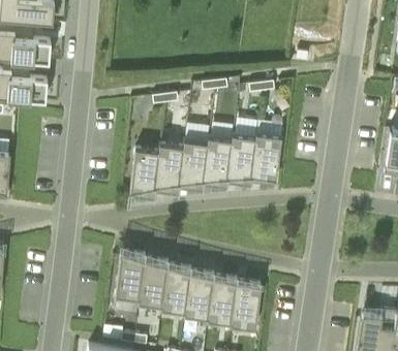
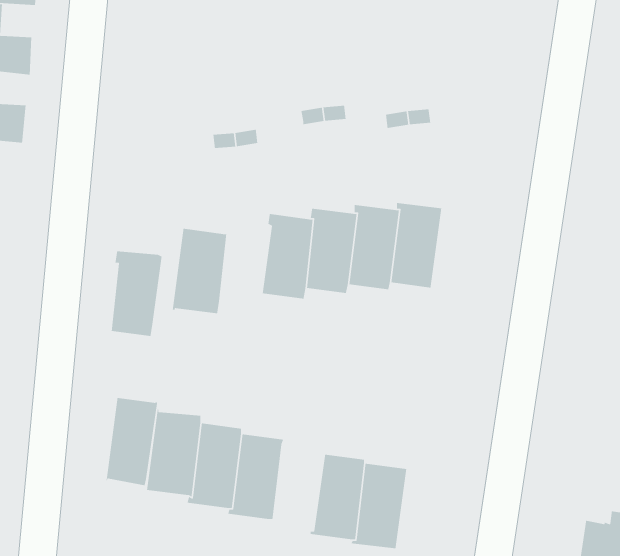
building: [156,145,185,193] -> [111,251,162,337]
building: none -> [106,397,158,486]
building: [184,270,215,319] -> none

